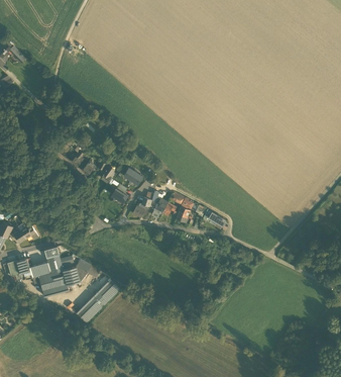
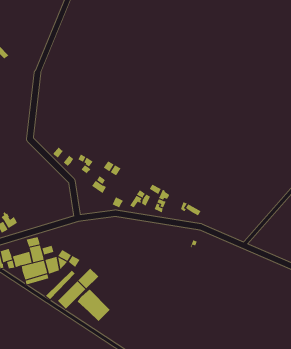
building: none -> [77,289,111,322]

